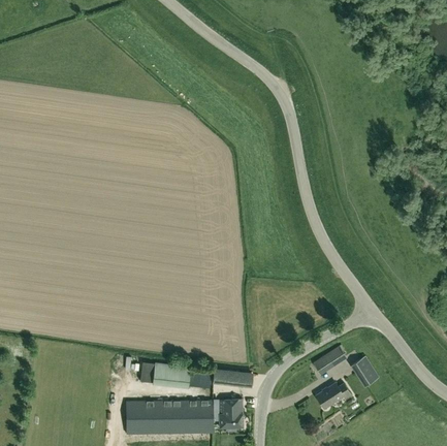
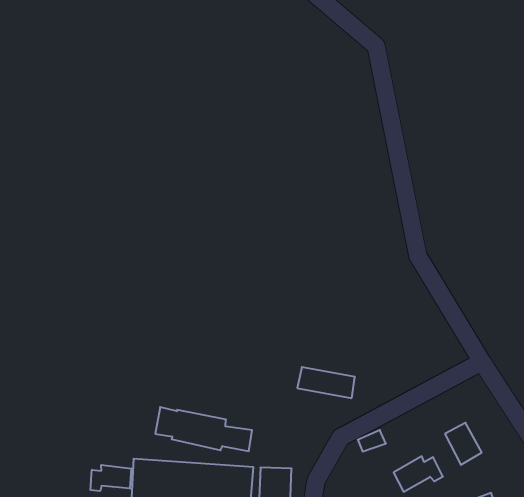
building: [313,346,347,375] -> none
building: [212,369,253,388] -> [297,367,355,398]
building: none -> [91,465,131,491]

